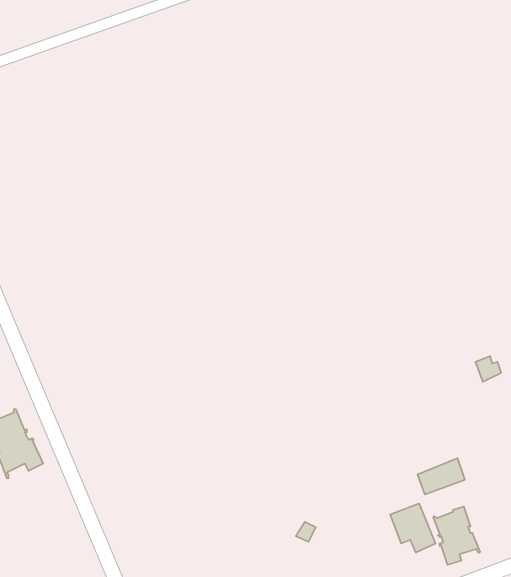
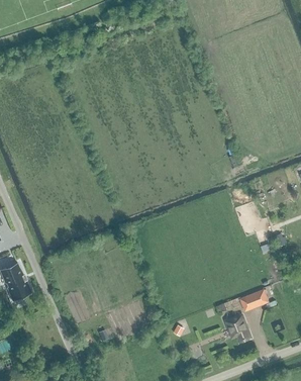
building: [433,506,480,565] -> none

